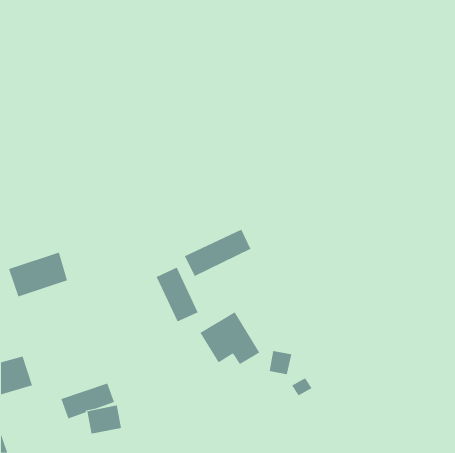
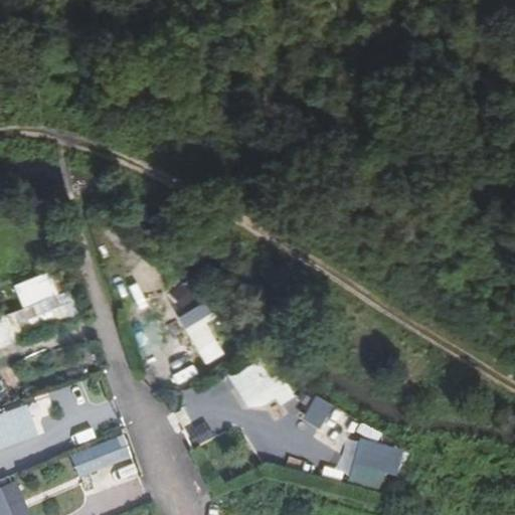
building: [184,229,251,277] -> none
building: none -> [350,437,401,490]

